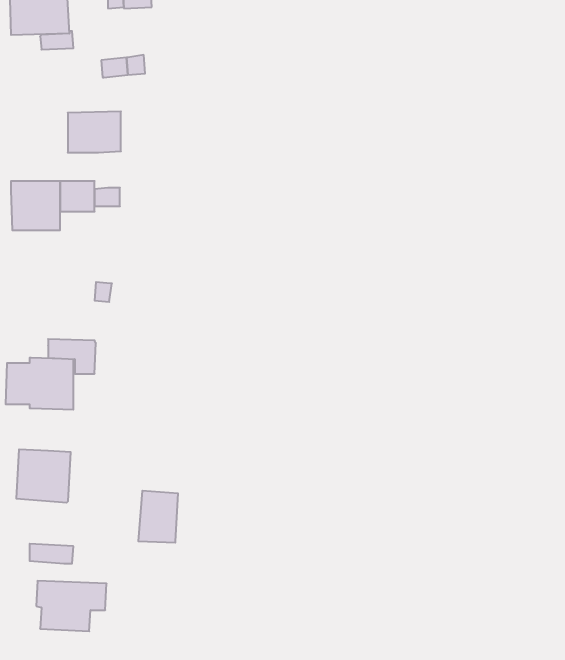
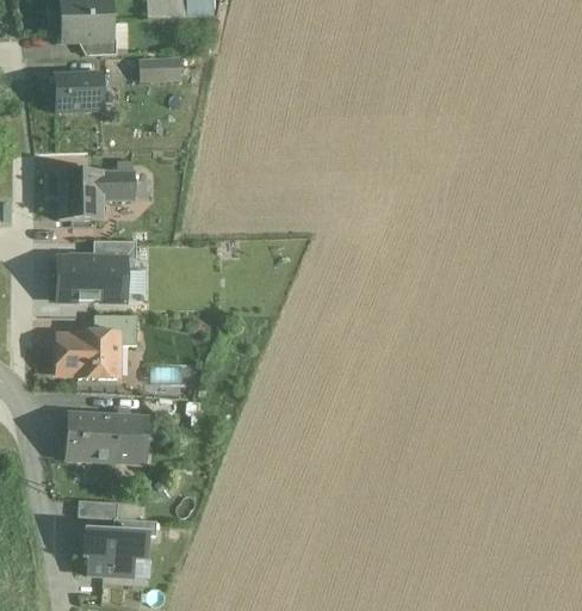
building: [68,111,121,153] -> [56,70,104,107]
building: none -> [57,255,125,300]
building: [138,491,178,543] -> [112,414,148,461]

